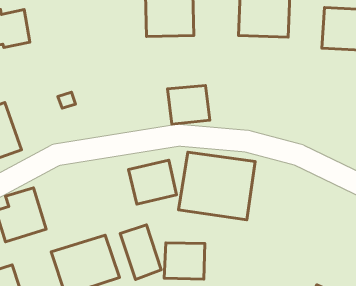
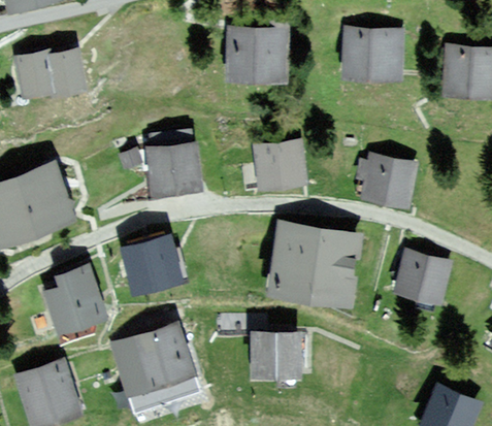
building: none -> [146,143,200,192]
building: none -> [355,154,417,206]
building: [128,160,177,204] -> [121,237,179,291]
building: none -> [396,250,455,305]
building: [120,225,161,280] -> none

